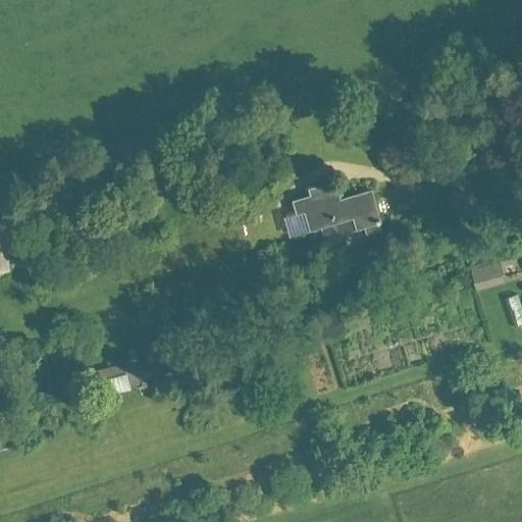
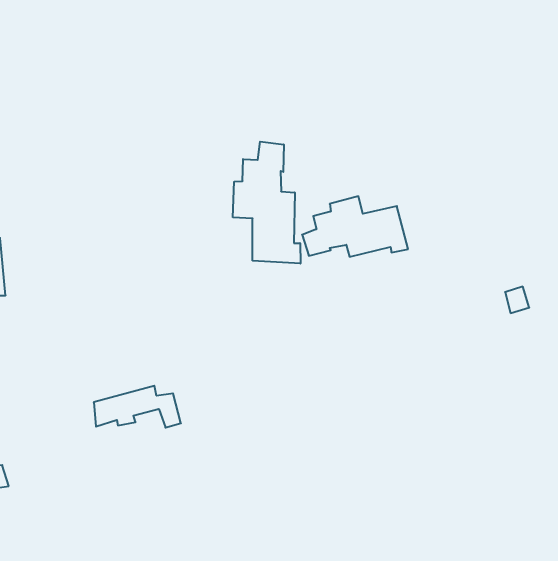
building: none -> [233,142,300,264]

